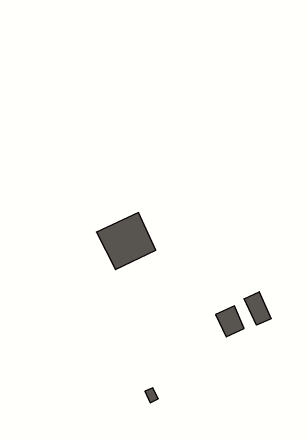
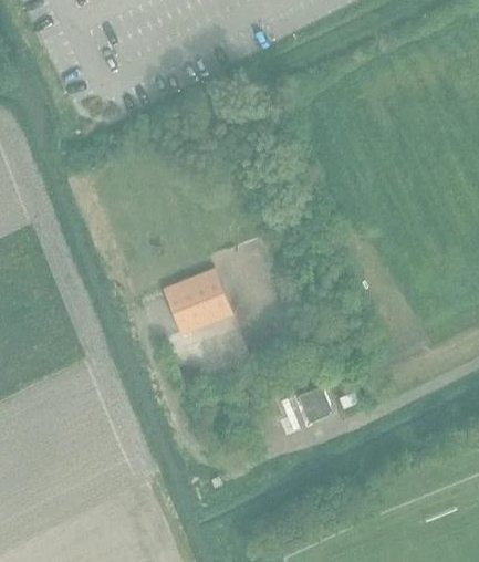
building: [244,292,271,325] -> none

